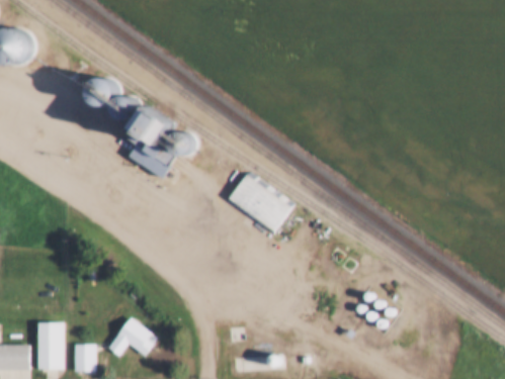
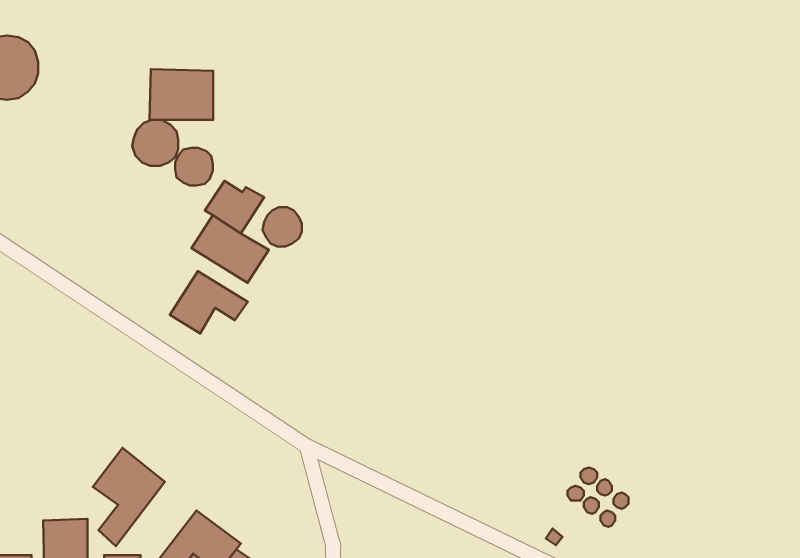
building: none -> [149,69,213,120]
building: none -> [170,271,248,333]
building: [228,175,290,232] -> none
building: none -> [93,448,165,546]

